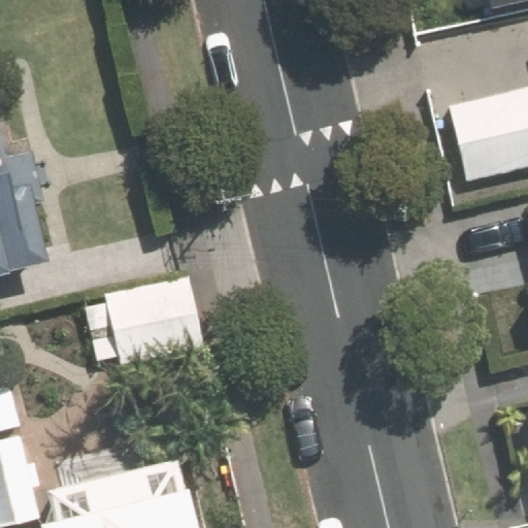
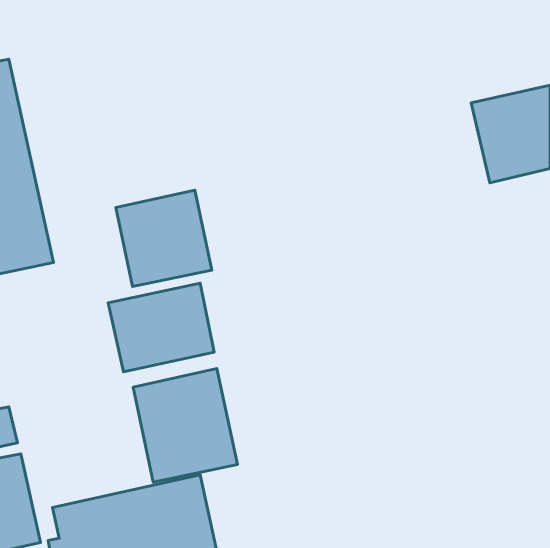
building: none -> [116,190,212,287]
building: none -> [133,369,237,482]

